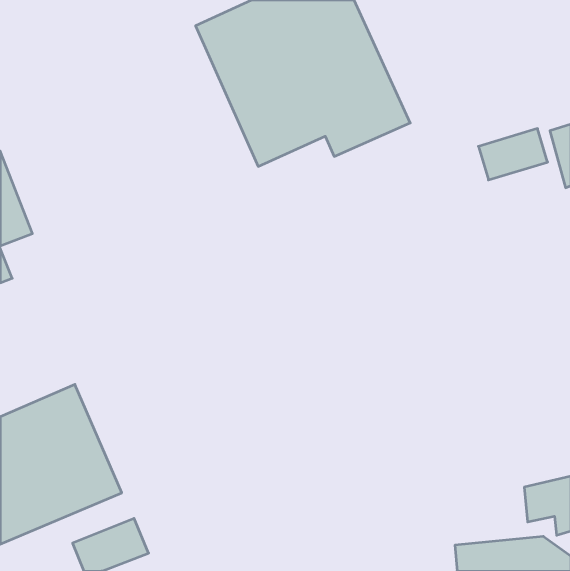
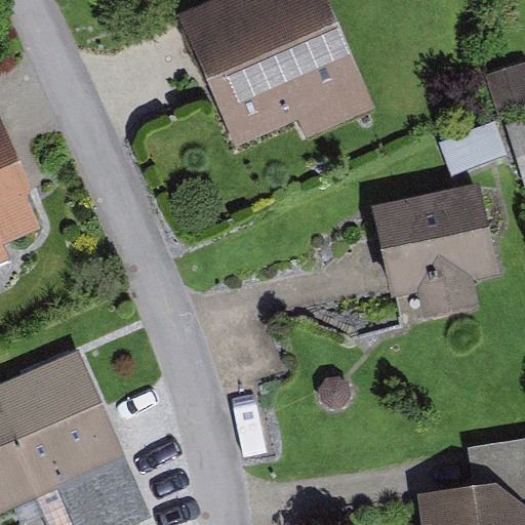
building: none -> [373,181,492,302]

